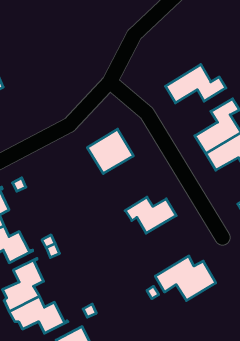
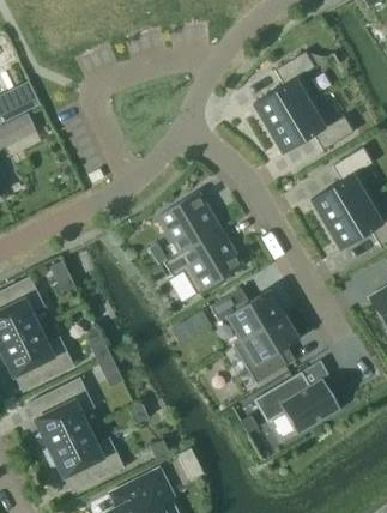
building: none -> [252,52,318,129]
building: none -> [163,229,244,296]
building: none -> [232,314,298,384]

